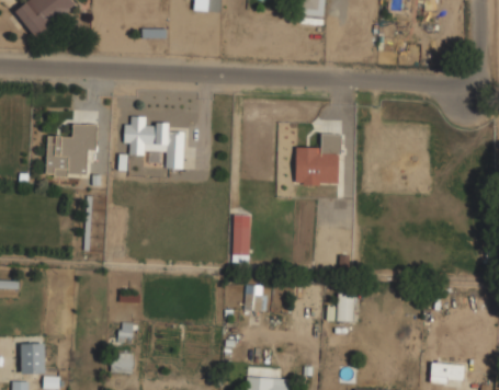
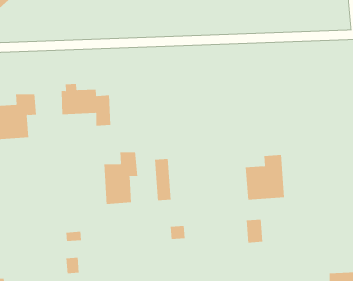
building: [296,133,341,184] -> [245,154,285,200]
building: none -> [104,152,138,205]

